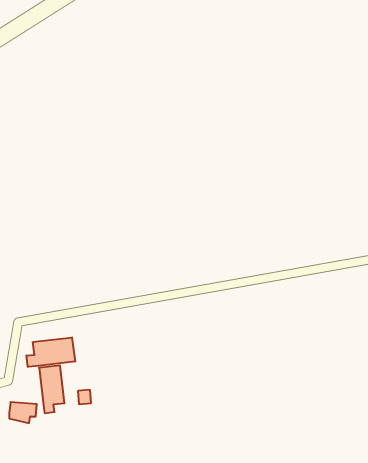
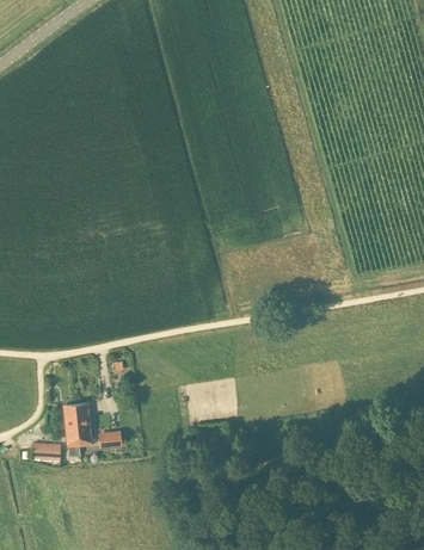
building: [27,337,75,367] -> none

